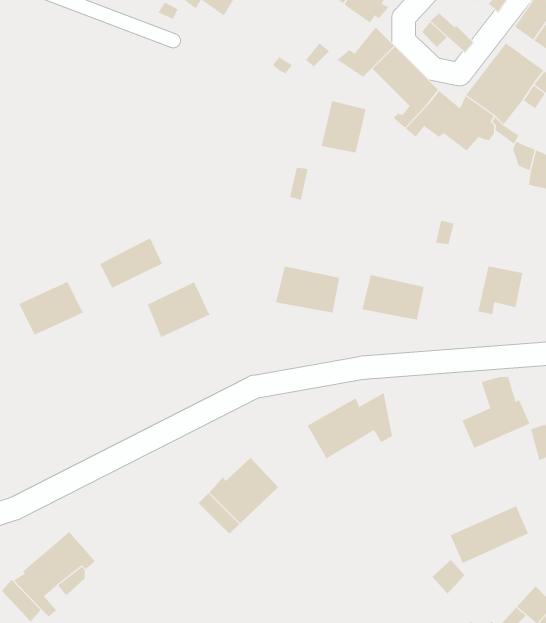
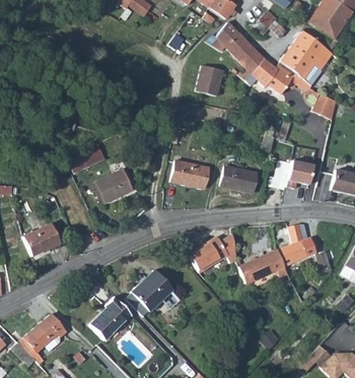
building: [18,281,84,336] -> [23,224,61,255]
building: none -> [90,296,132,339]
building: [450,505,529,563] -> [239,249,285,282]

